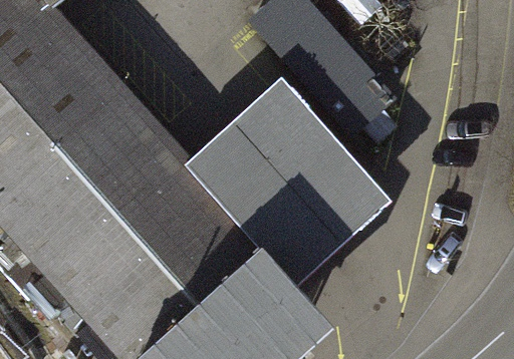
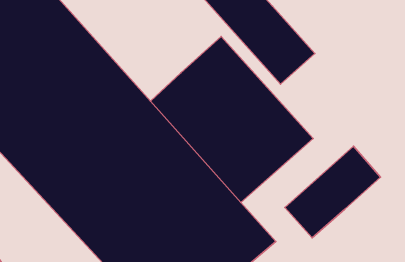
building: none -> [285,146,381,238]

